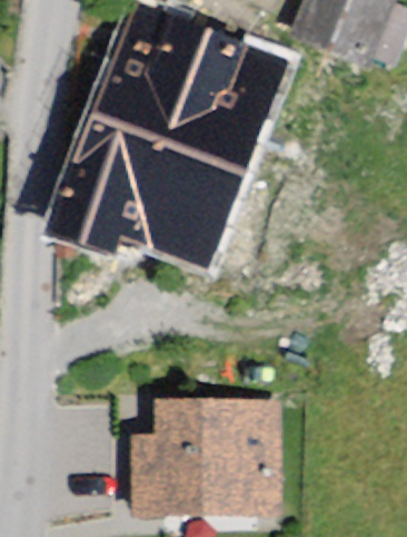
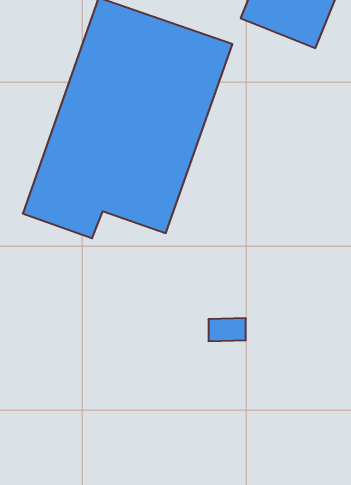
building: [150,402,281,500] -> none

